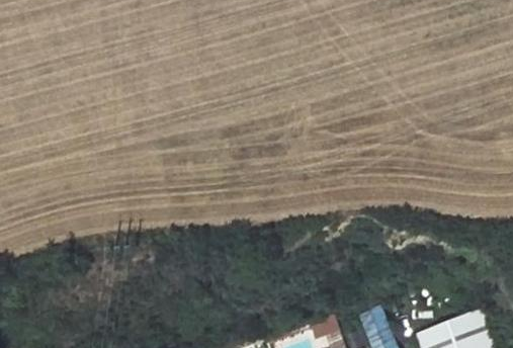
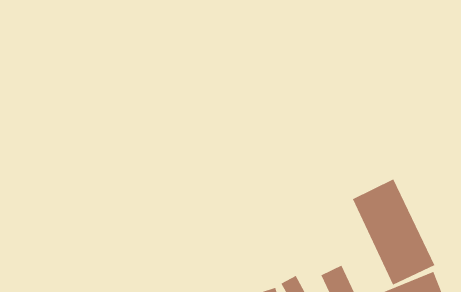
building: none -> [352,179,435,285]

